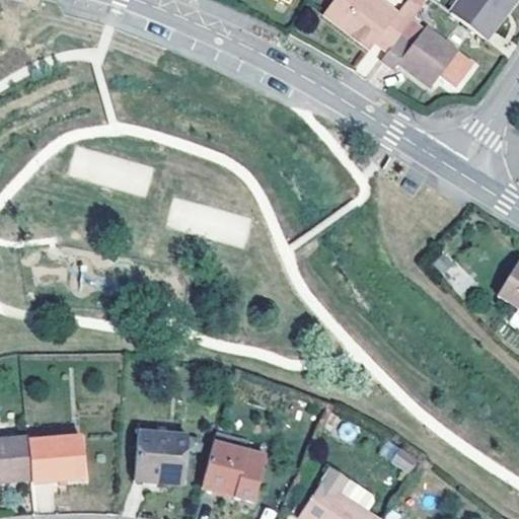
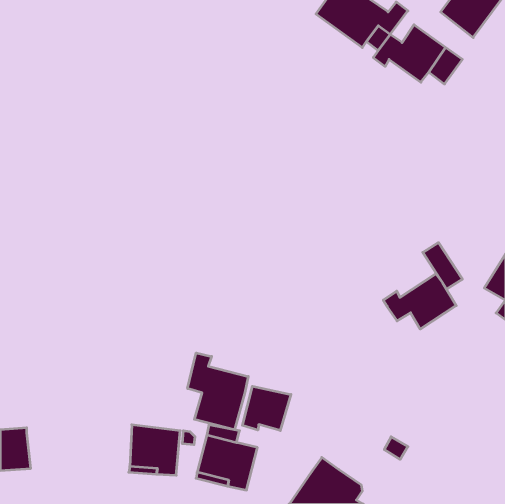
building: none -> [383,274,456,329]
building: none -> [188,353,248,430]
building: none -> [242,386,291,431]
building: [28,437,87,483] -> none

